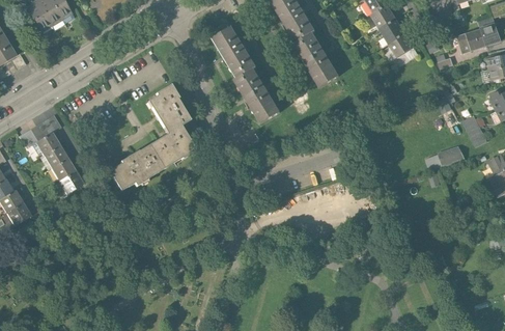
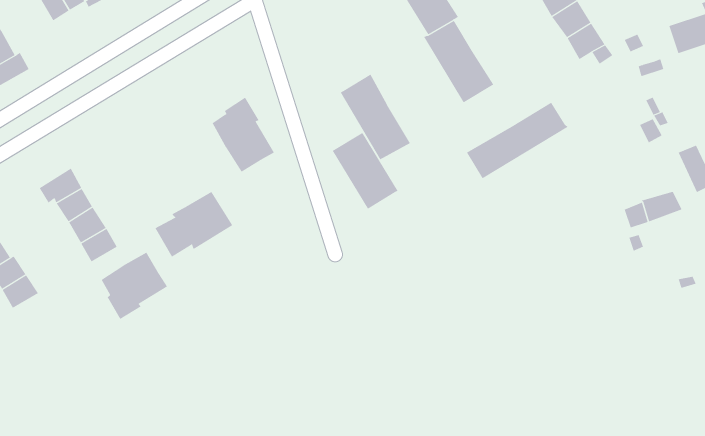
building: [213,26,257,78] -> [332,132,398,209]
building: none -> [466,102,569,179]
building: [19,113,61,146] -> none
building: [148,125,197,168] -> none
building: none -> [101,252,168,320]

